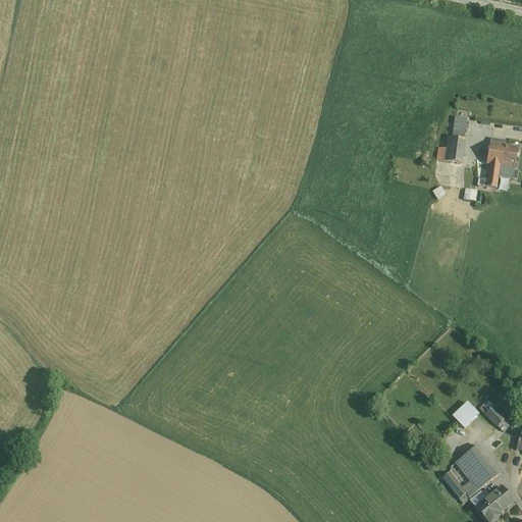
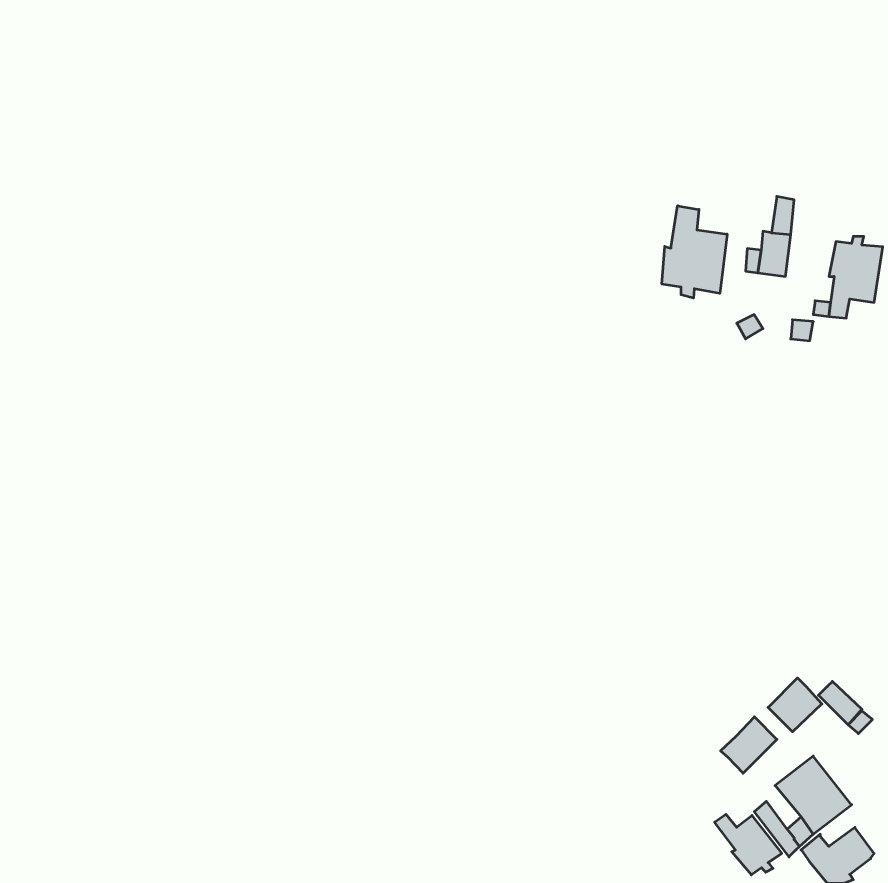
building: none -> [662,206,727,298]
building: none -> [721,717,777,773]
building: none -> [715,814,782,875]

